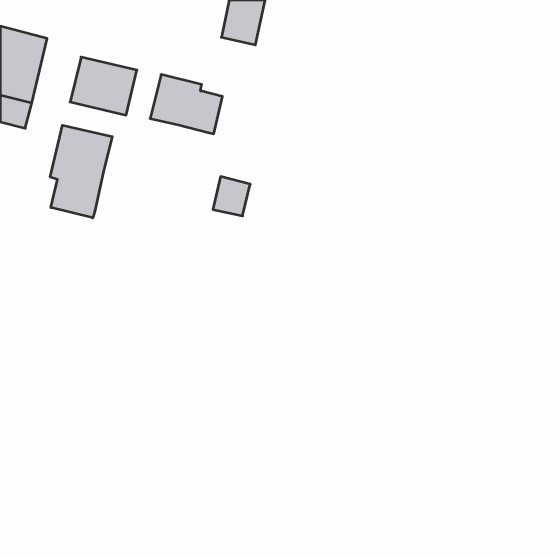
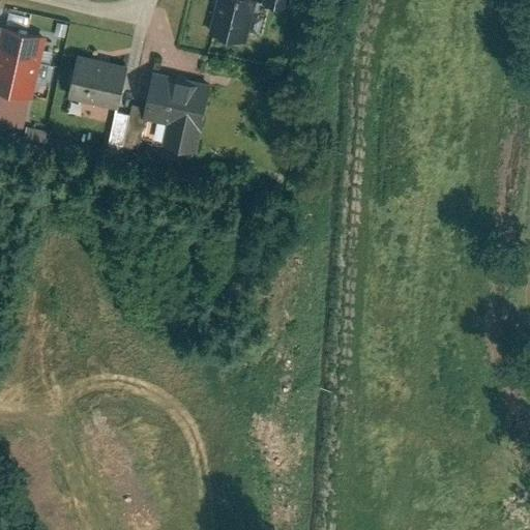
building: [50,125,112,218] -> none
building: [213,177,250,216] -> [161,120,197,157]

